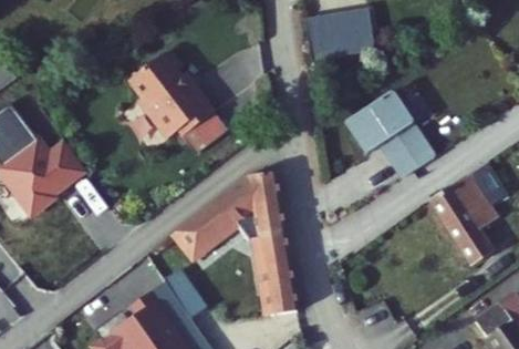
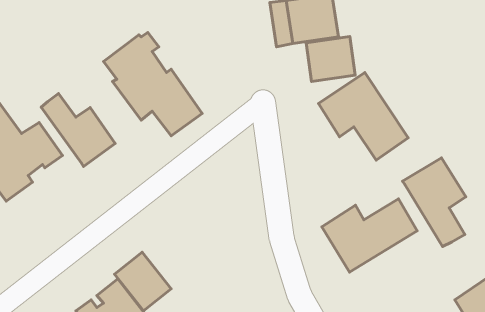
building: none -> [306,36,355,81]
building: none -> [41,94,115,167]
building: [175,170,292,308] -> none
building: none -> [322,199,417,272]

